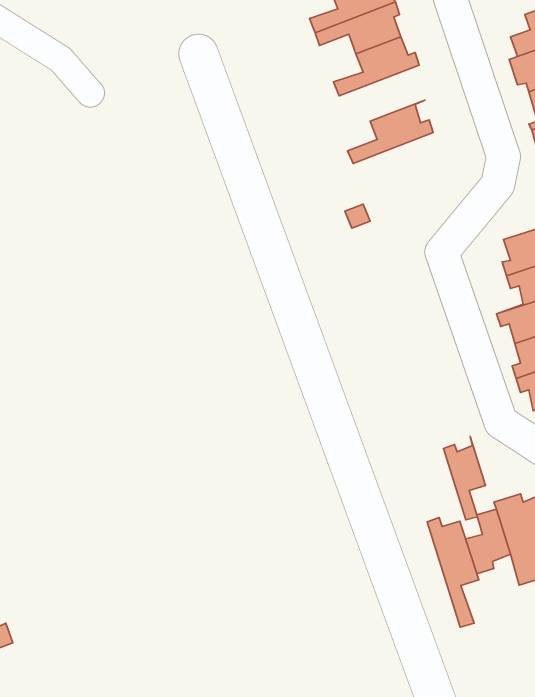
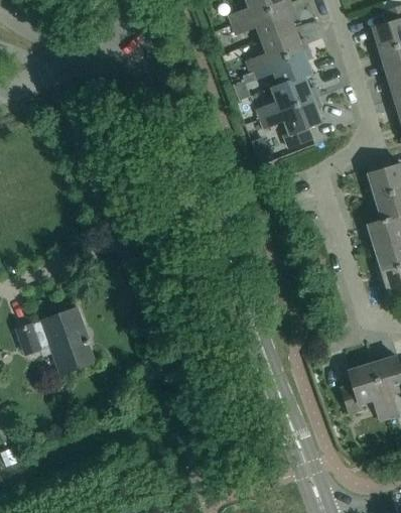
building: none -> [251,47,312,88]
building: none -> [261,96,322,147]
building: none -> [18,307,94,373]
building: [443,437,485,520] -> none
building: [427,517,479,627] -> none

